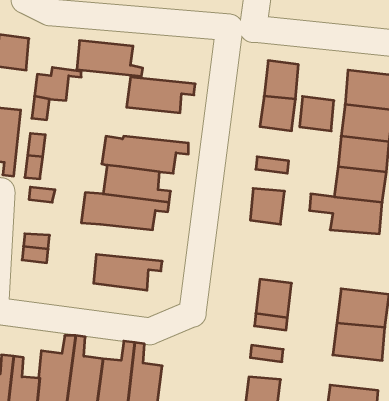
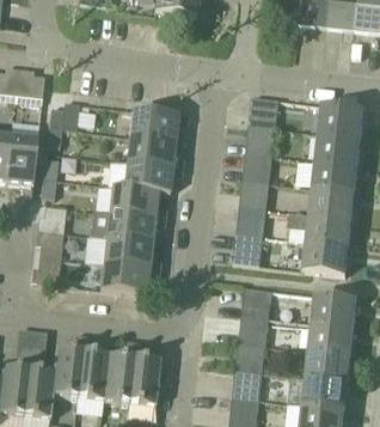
building: [77,41,143,76] -> [127,134,184,165]
building: [300,96,334,131] -> [243,151,272,181]
building: none -> [233,232,263,262]
building: none -> [103,236,161,268]
building: none -> [304,240,349,272]
building: none -> [306,349,351,380]

